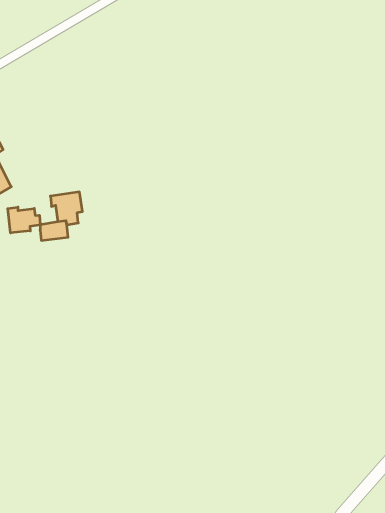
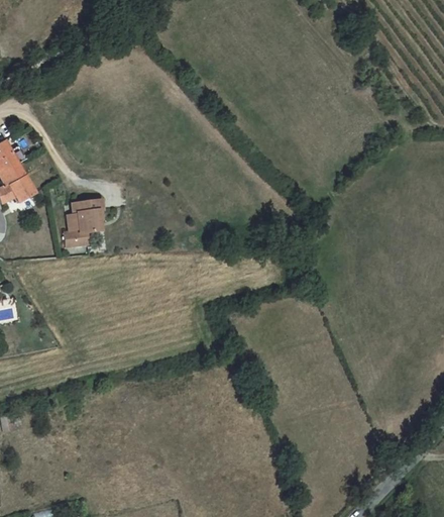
building: [8,207,40,233] -> none

